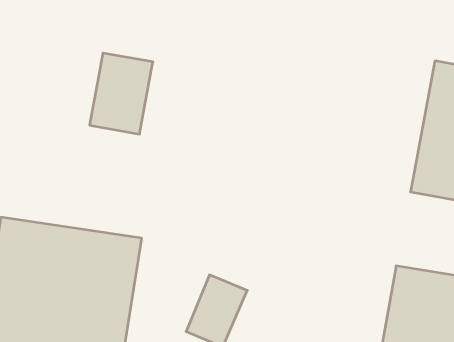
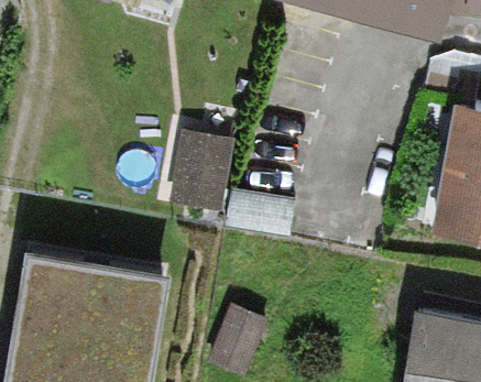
building: [90,53,153,134] -> [172,137,234,217]

